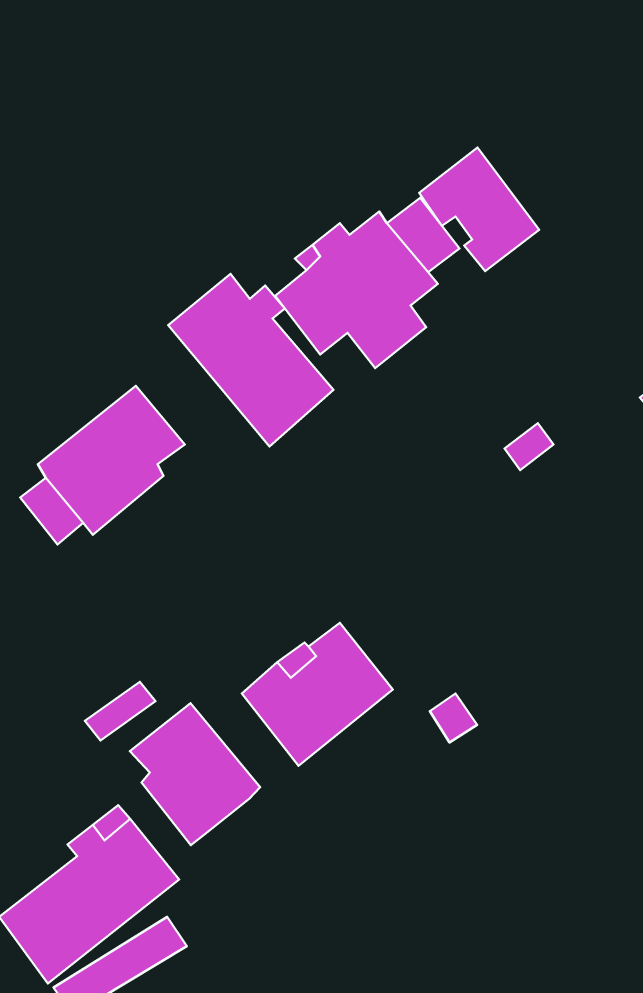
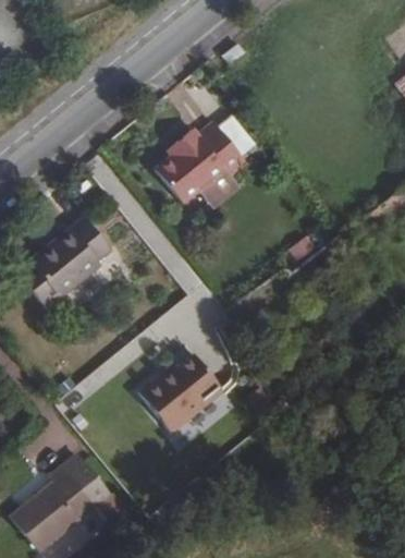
building: [419,148,539,271] -> none
building: [168,274,333,447] -> none
building: [130,703,260,845] -> none

